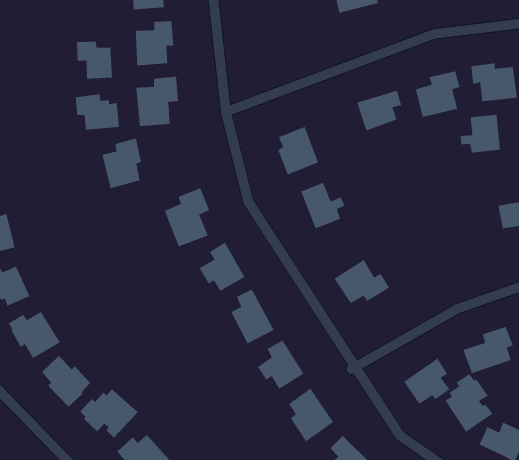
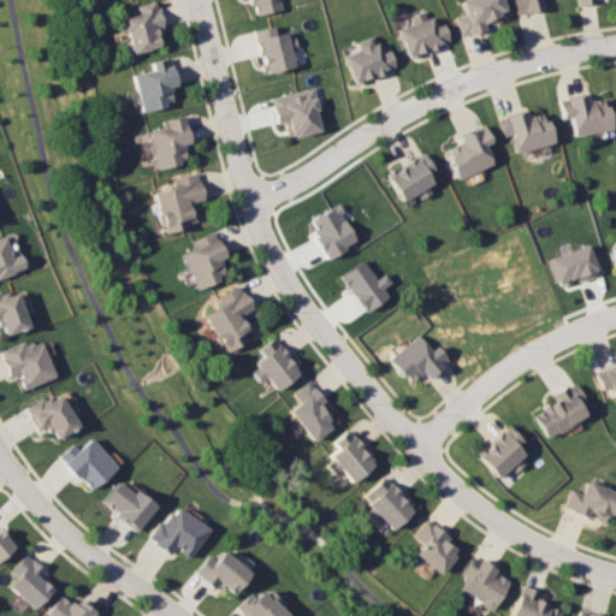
building: none -> [274,89,326,137]
building: [76,41,113,79] -> none
building: [75,94,120,131] -> none
building: [460,114,501,154] -> none
building: [101,138,142,189] -> [185,232,230,290]
building: [445,373,493,433] -> none

